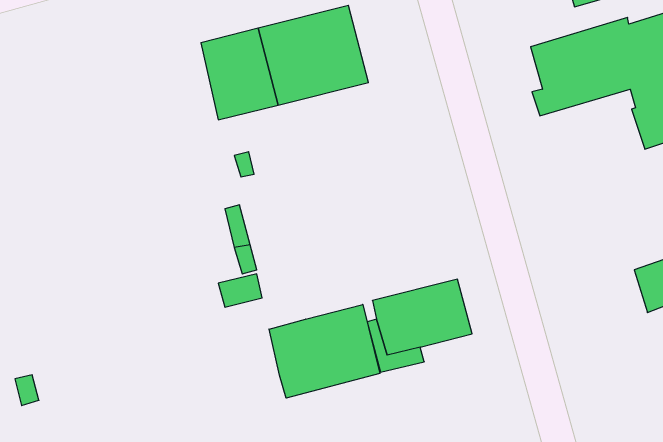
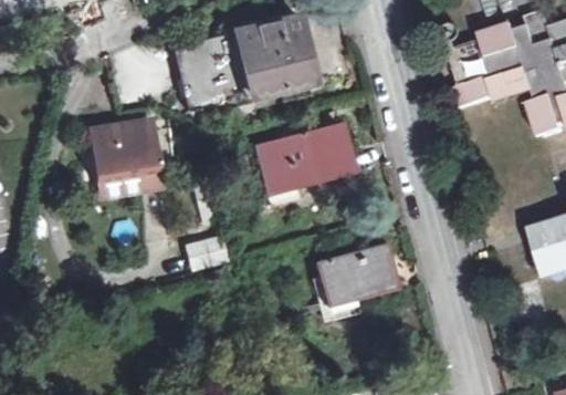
building: none -> [93,122,175,177]
building: none -> [263,125,350,189]
building: [269,304,380,398] -> none

